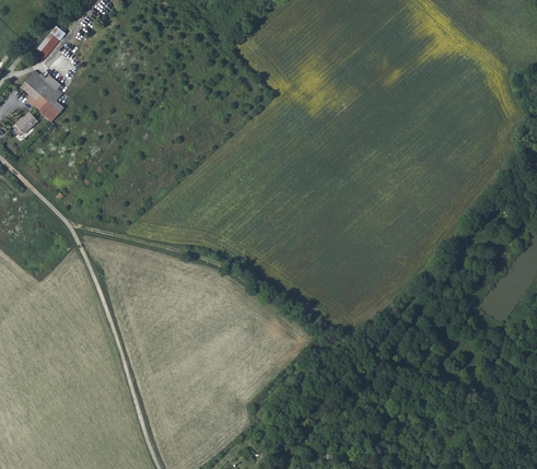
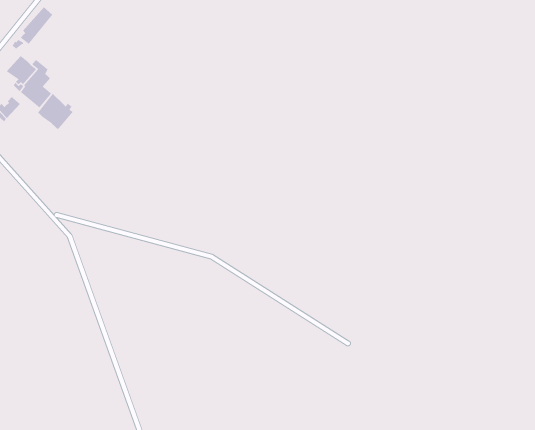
building: none -> [37,93,74,130]

